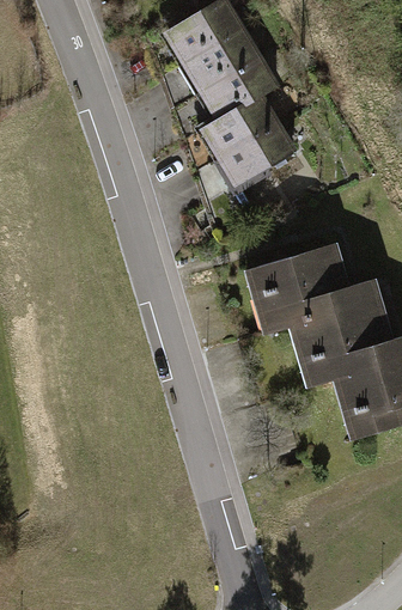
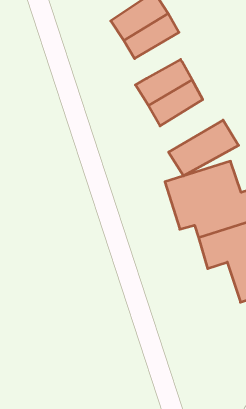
building: [197,50,284,117] -> none
building: none -> [169,120,239,176]

